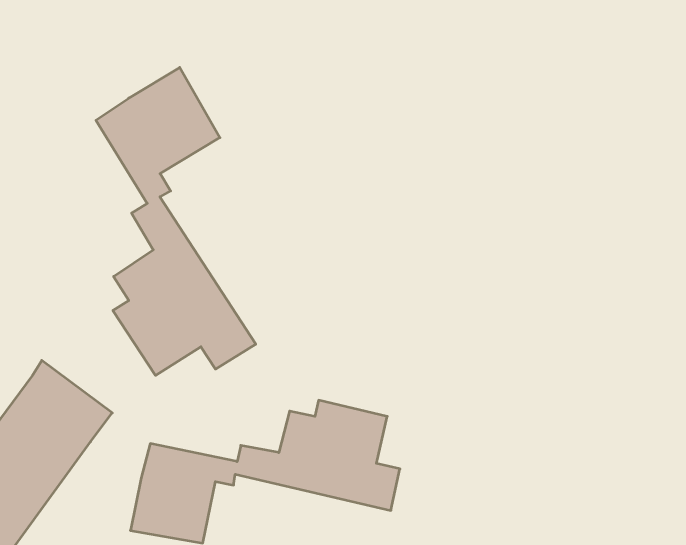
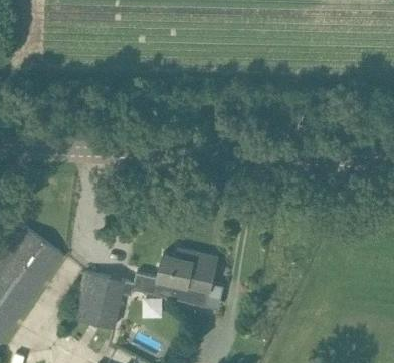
building: [96,67,256,375] -> none

